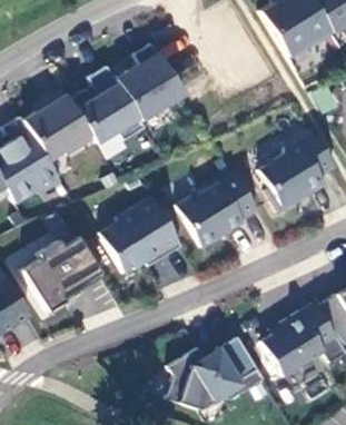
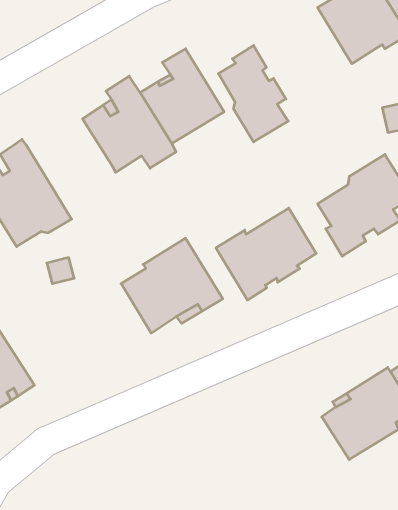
building: none -> [218,45,288,142]
building: [24,88,95,159] -> none
building: [23,234,106,310] -> none
building: [168,334,266,407] -> none

